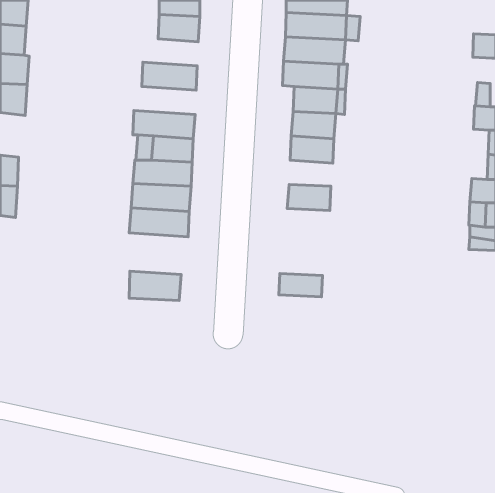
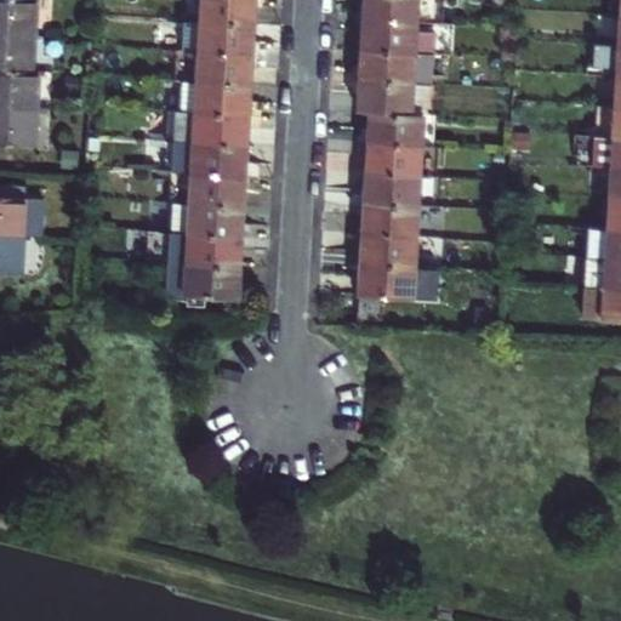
building: none -> [198,52,249,86]
building: none -> [169,112,246,147]
building: none -> [363,204,417,237]
building: [129,271,181,300] -> none
building: [279,273,323,297] -> [359,264,414,294]

